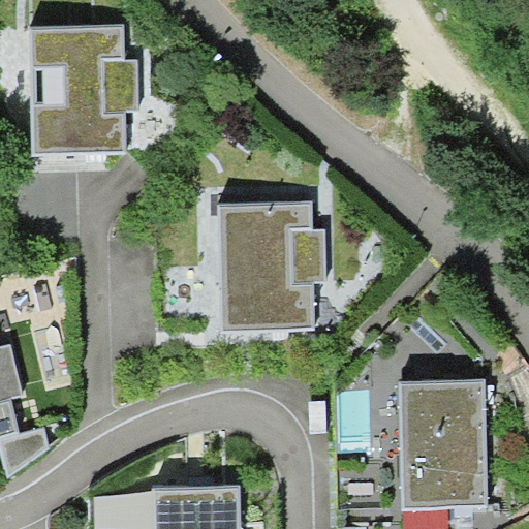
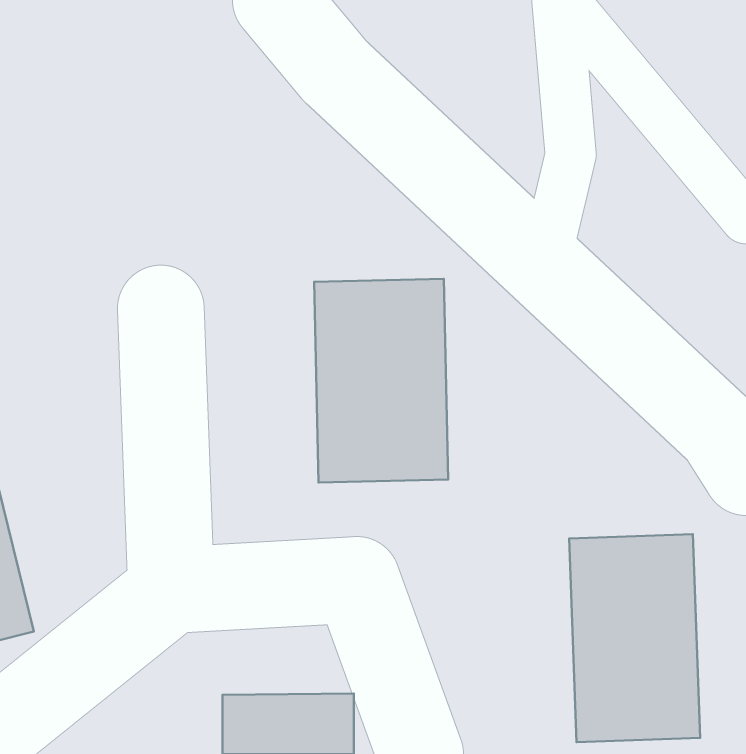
building: [30,27,130,163] -> none

